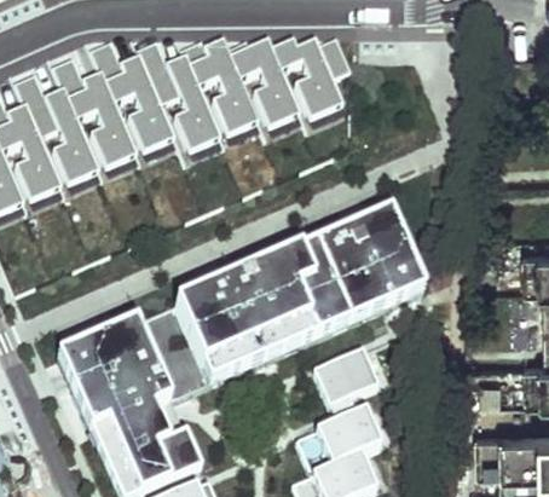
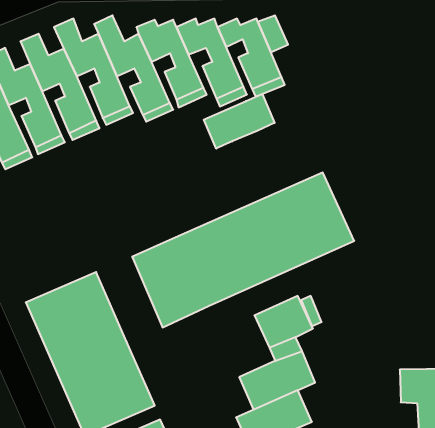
building: none -> [204,94,275,149]
building: [137,304,210,398] -> none

